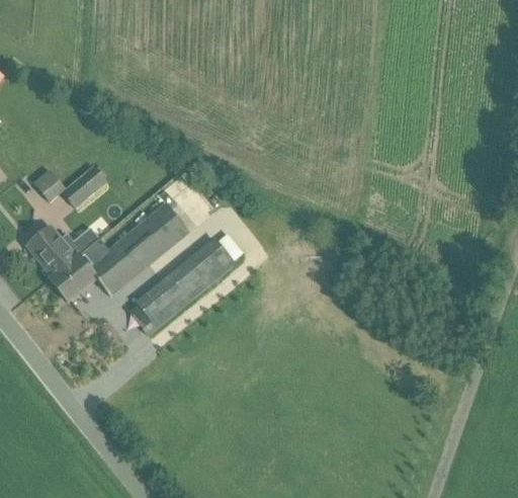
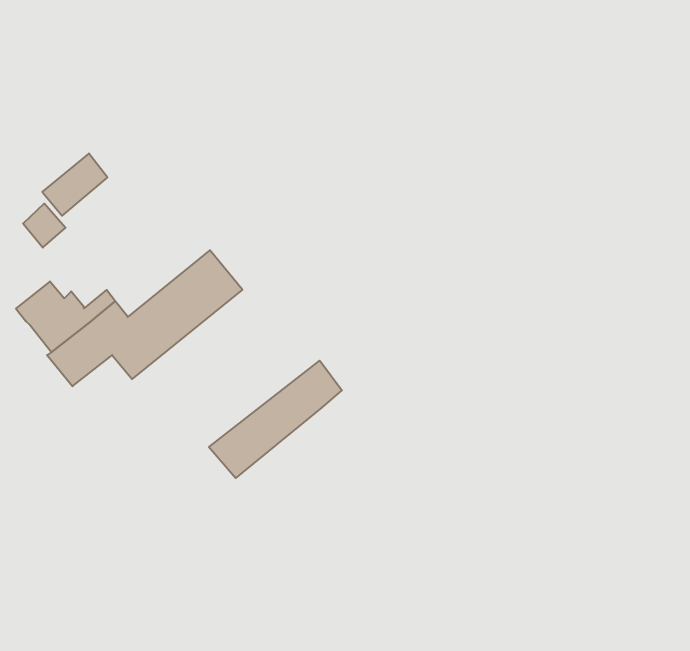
building: [62,164,108,209] -> [42,153,107,216]
building: [136,242,231,326] -> [209,361,342,478]

